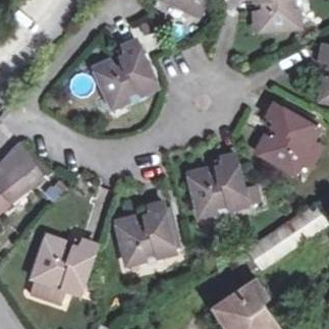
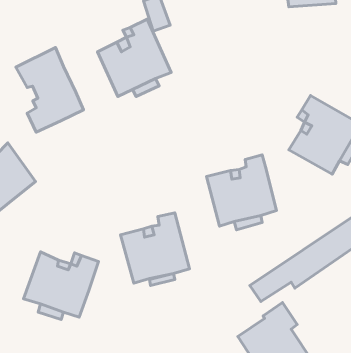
building: none -> [16,48,83,132]

